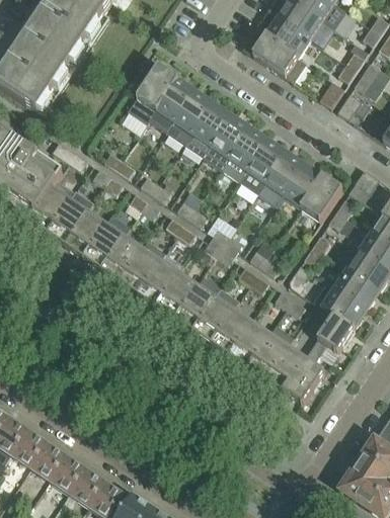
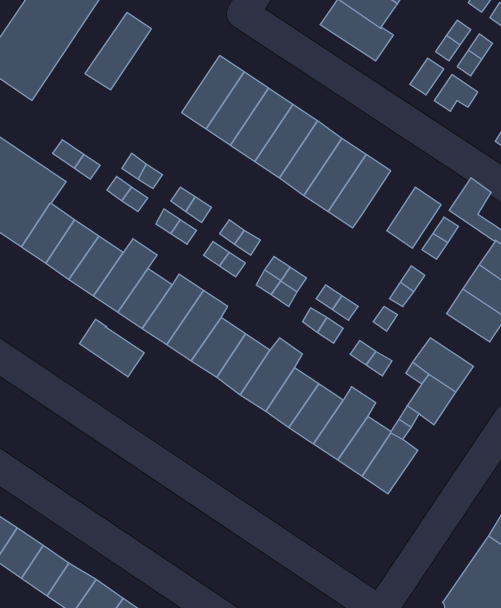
building: [128,65,177,122] -> [85,13,151,90]
building: [284,163,323,207] -> none
building: [334,269,379,309] -> none
building: none -> [79,319,144,377]

